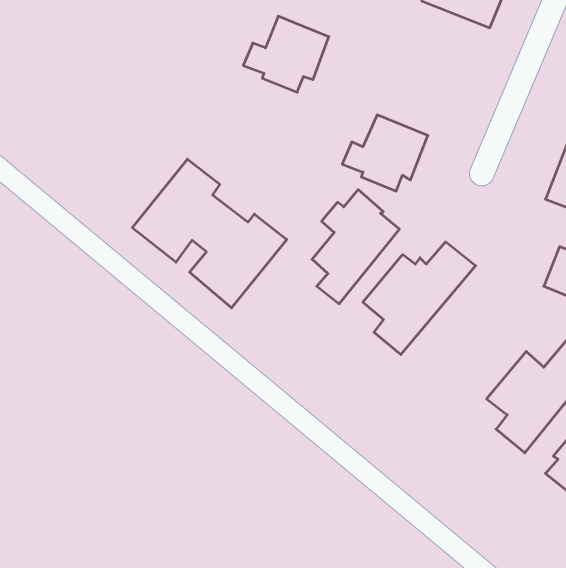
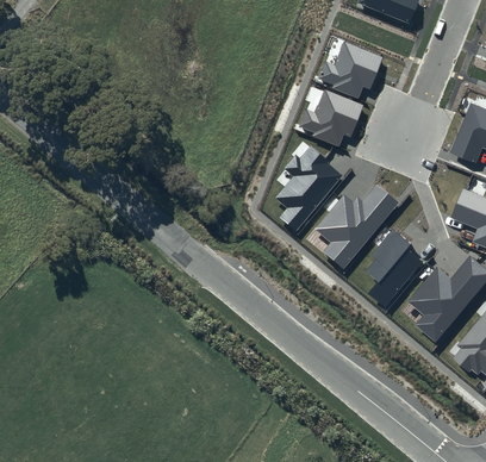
building: [243,16,329,92] -> [318,42,382,99]
building: [132,159,287,308] -> none
building: none -> [366,229,423,306]

